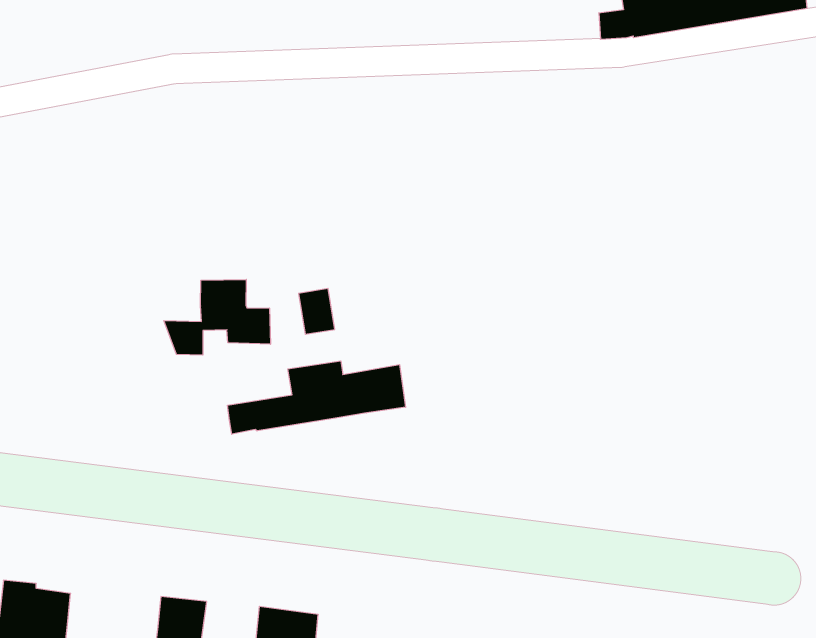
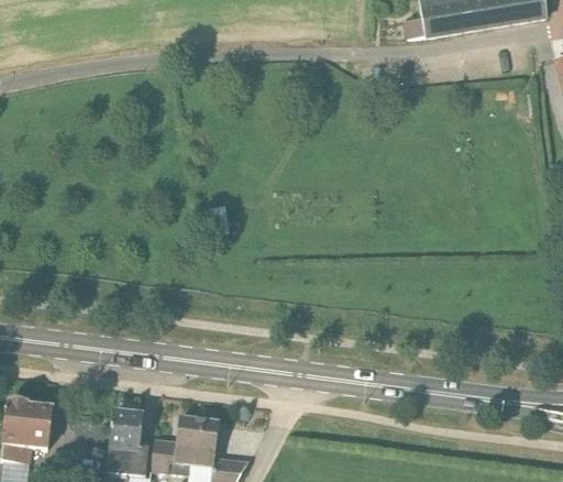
building: [164,279,270,355] -> none
building: [228,361,406,434] -> none

